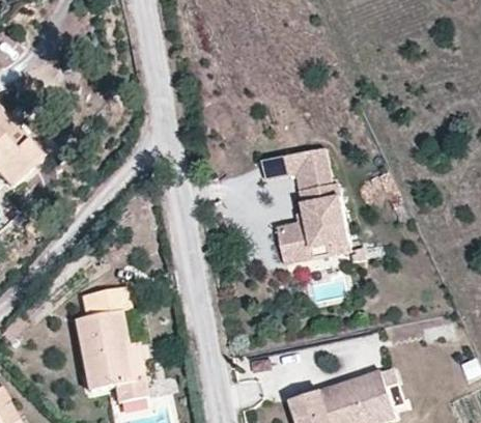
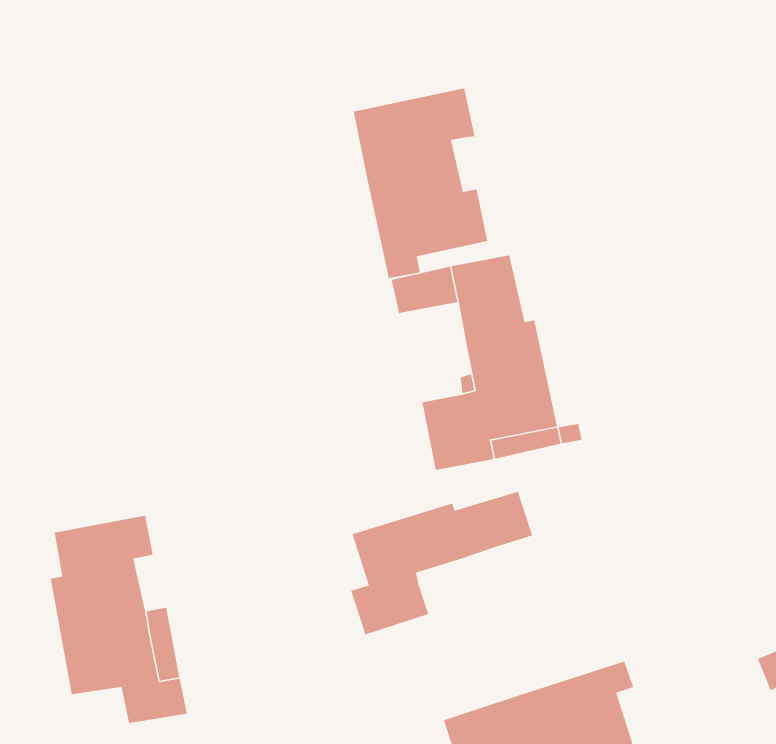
building: none -> [353,87,488,279]
building: none -> [350,491,533,635]

